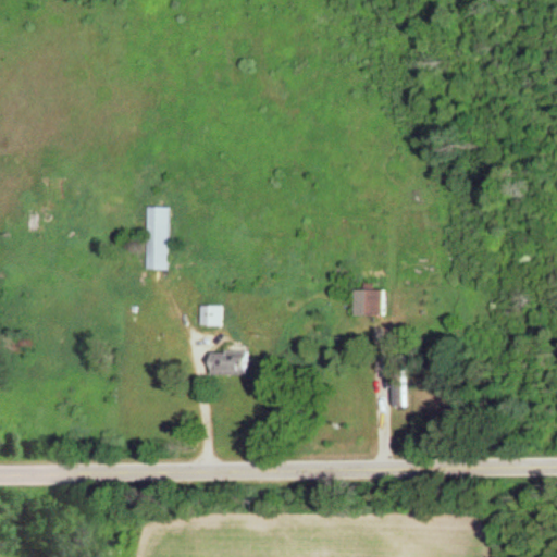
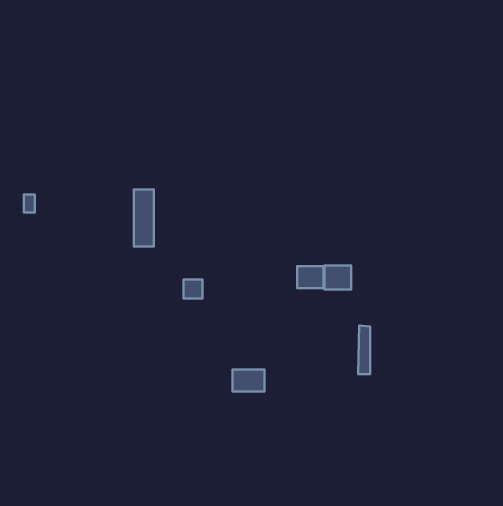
building: none -> [297,266,324,288]
building: [211,351,246,375] -> [232,369,264,391]

